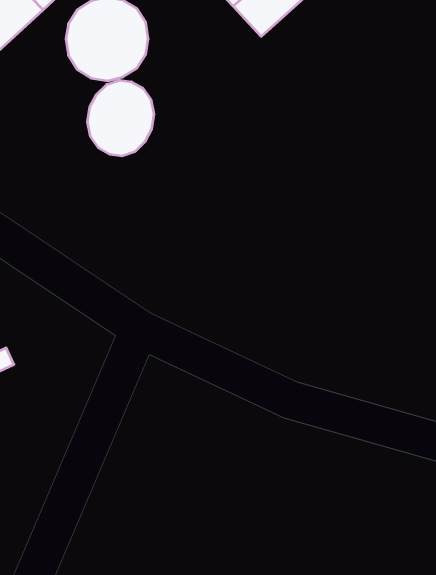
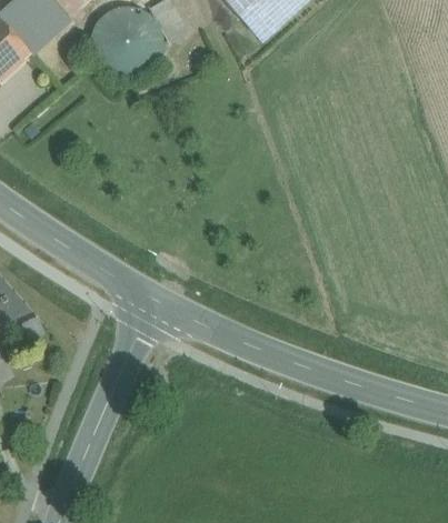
building: [88,80,154,156] -> none

